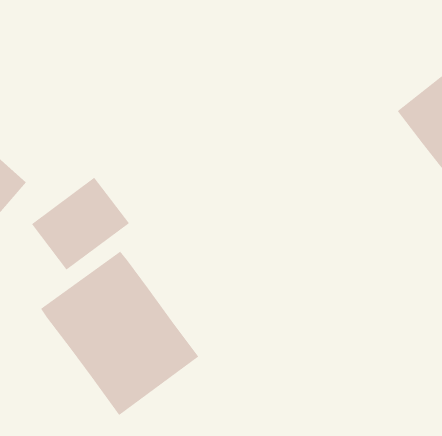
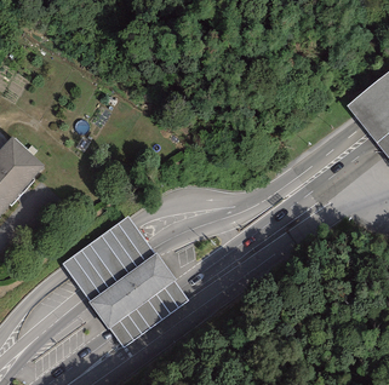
building: [31,177,130,270] -> none

